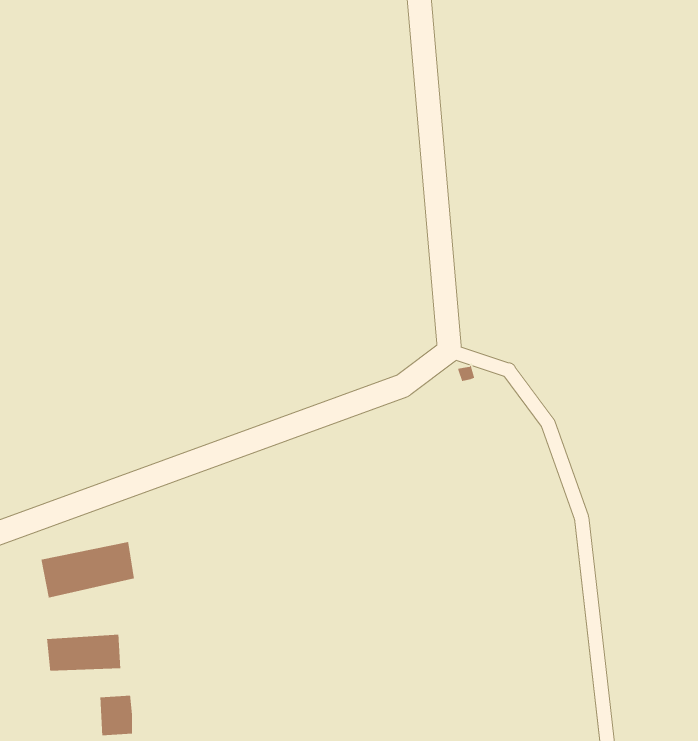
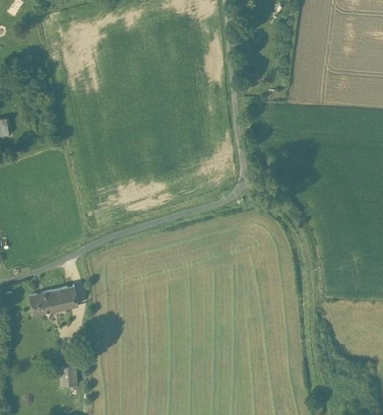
building: [46,634,121,671] -> none

